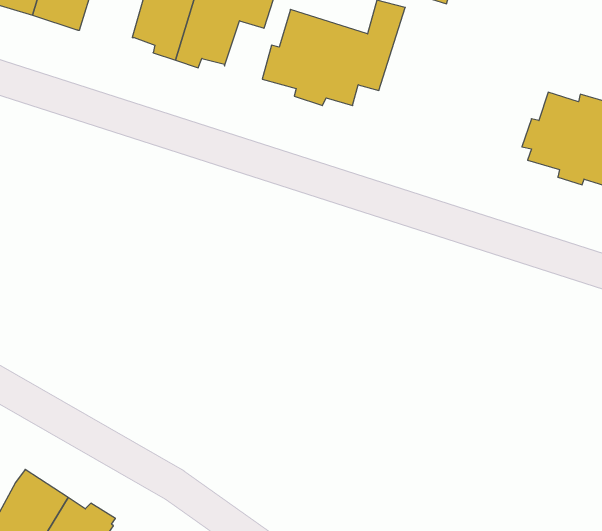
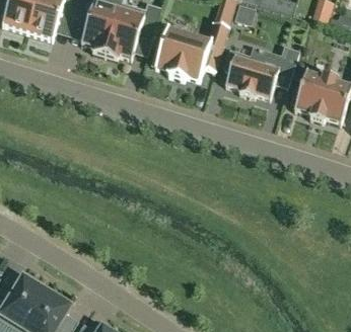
building: none -> [223,47,298,98]

